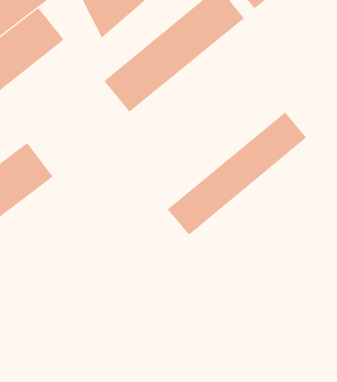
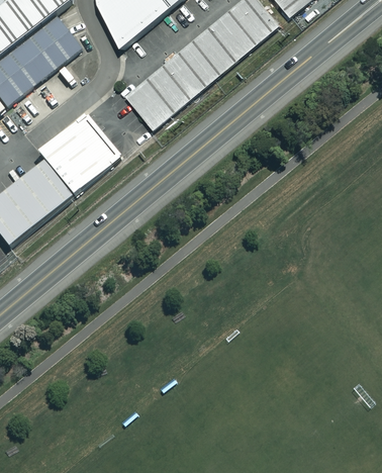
building: none -> [39,115,117,193]
building: [167,112,307,235] -> none

